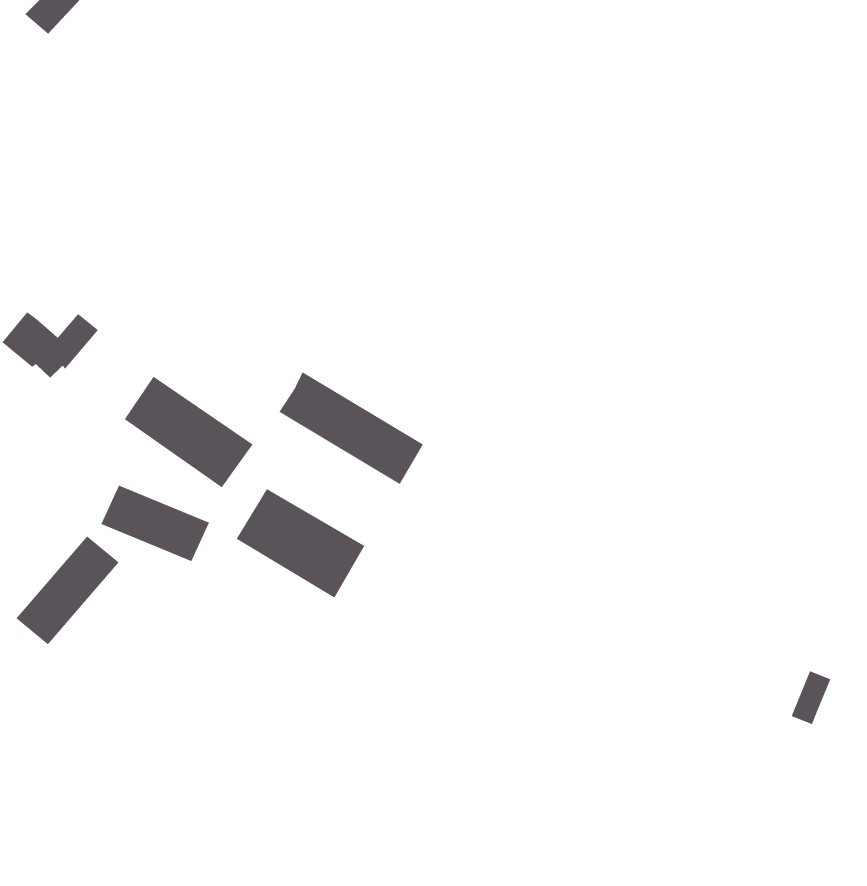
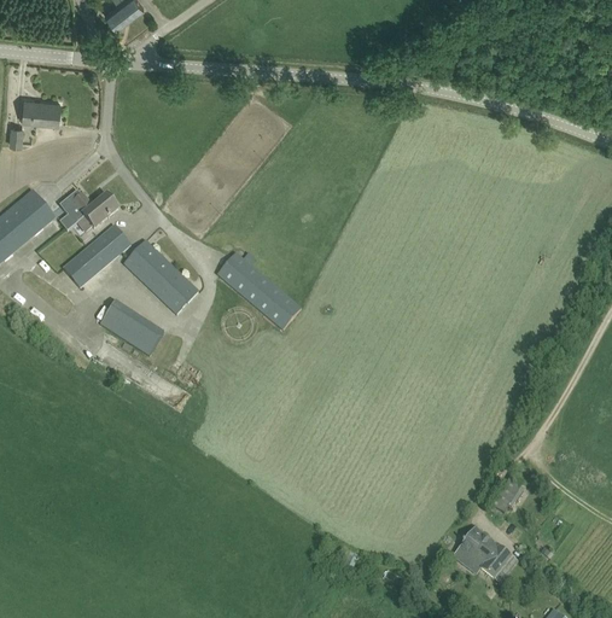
building: [236,488,365,599] -> none
building: [15,535,120,645] -> [63,225,130,286]
building: none -> [456,526,512,578]

